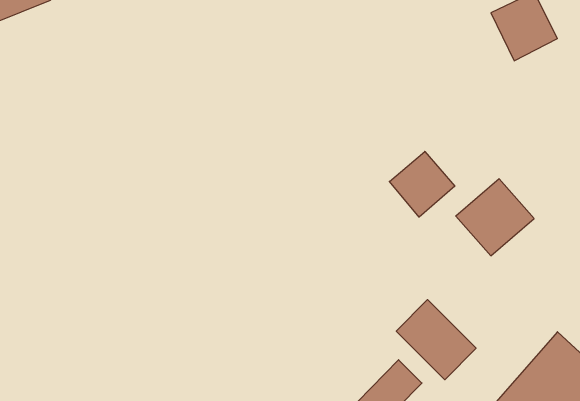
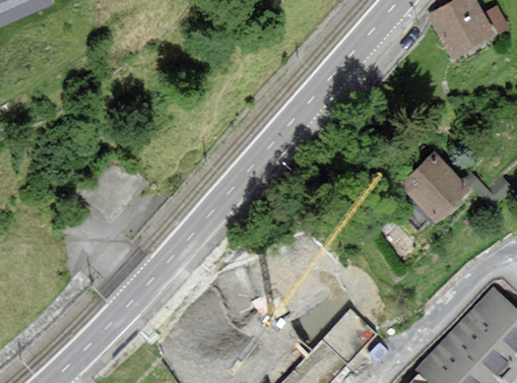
building: [389,151,455,217] -> none
building: [396,300,476,380] -> none

